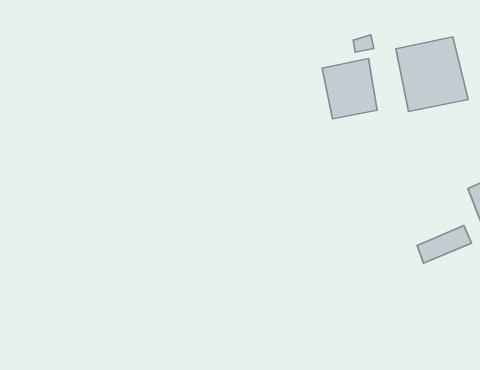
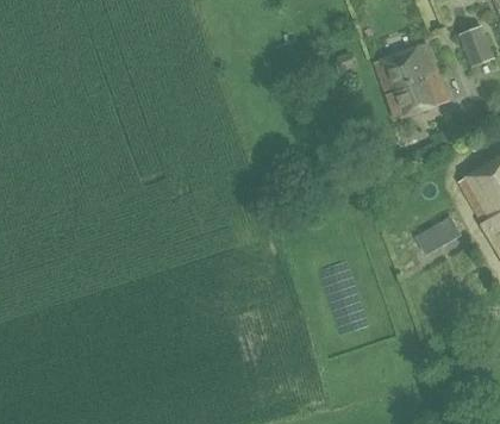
building: [322,58,377,119] -> none

